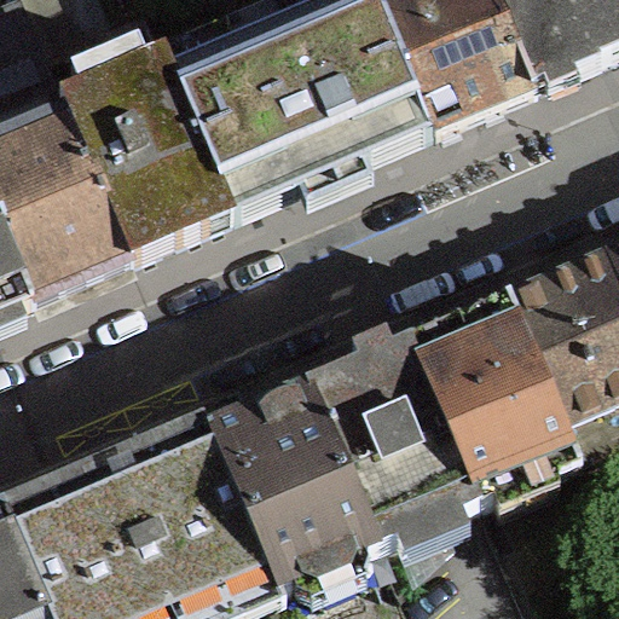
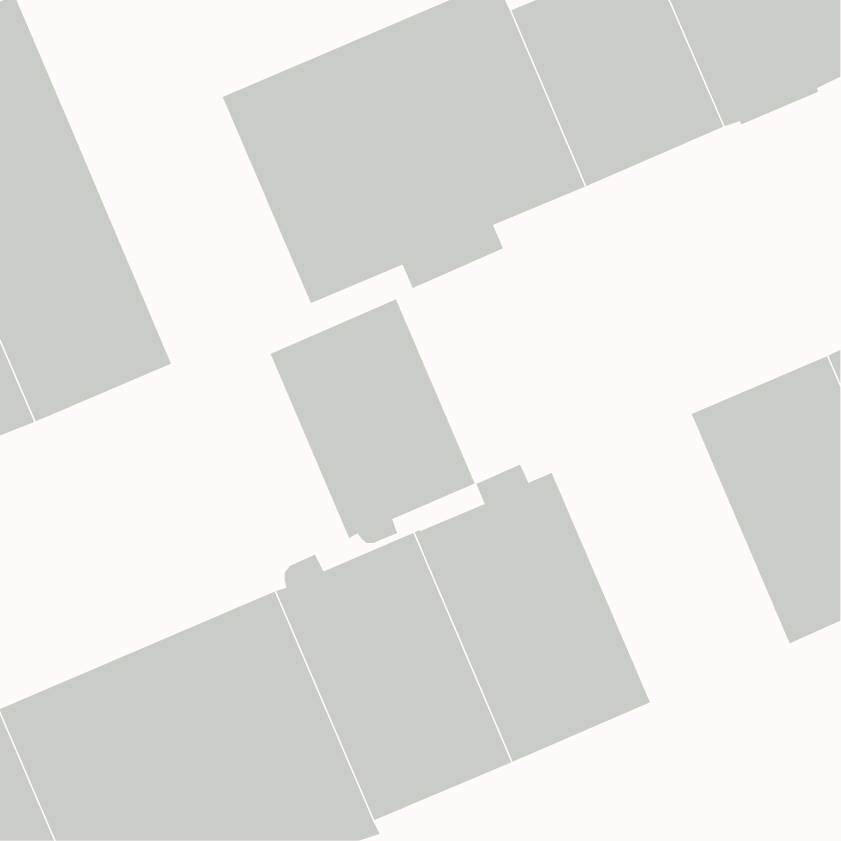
building: [53,53,225,264] -> none
building: none -> [270,299,476,544]
building: [400,300,572,509] -> none

